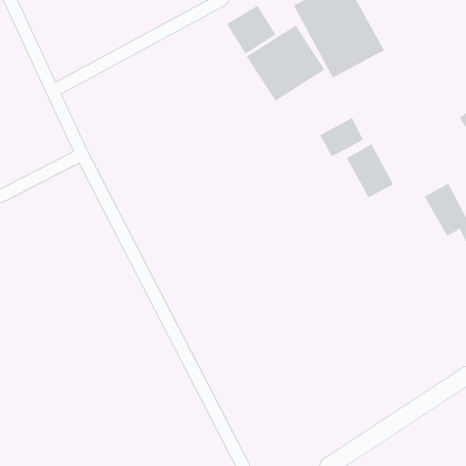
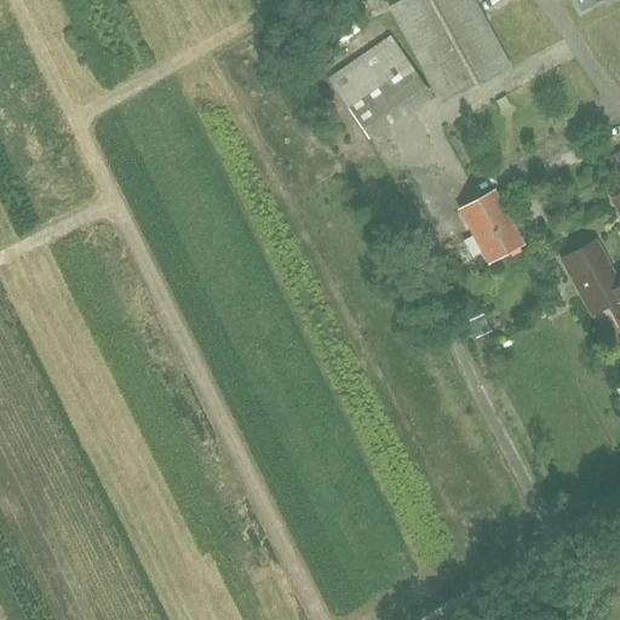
building: [226,5,276,54] -> none
building: [319,117,364,157] -> none

